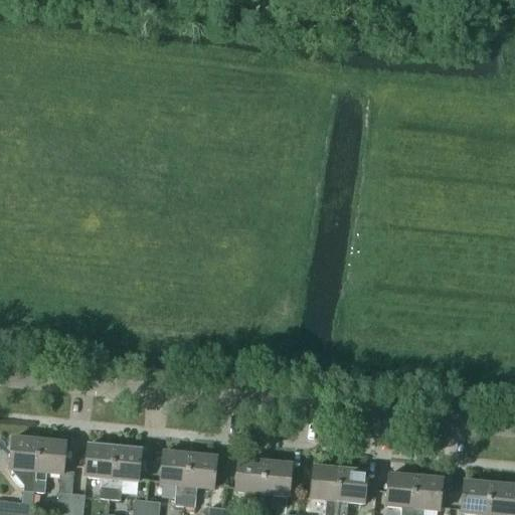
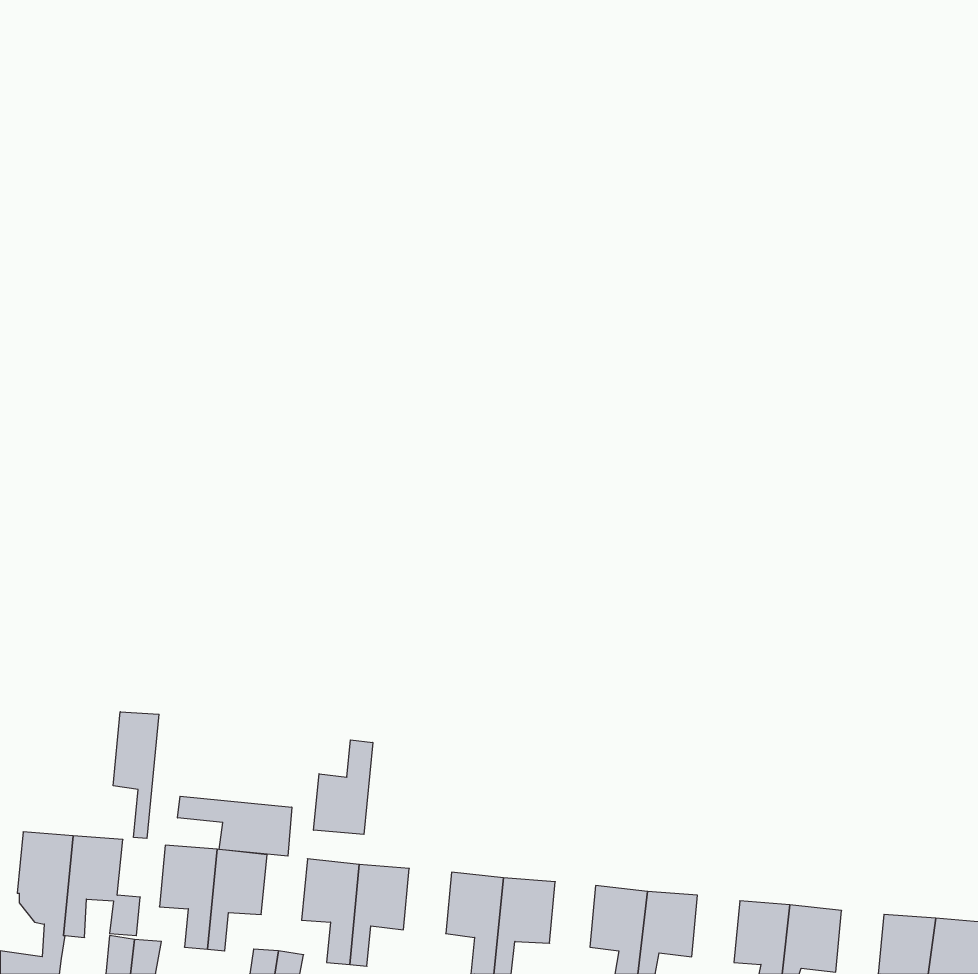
building: none -> [113,712,159,838]
building: none -> [314,740,373,834]
building: none -> [178,796,292,856]

